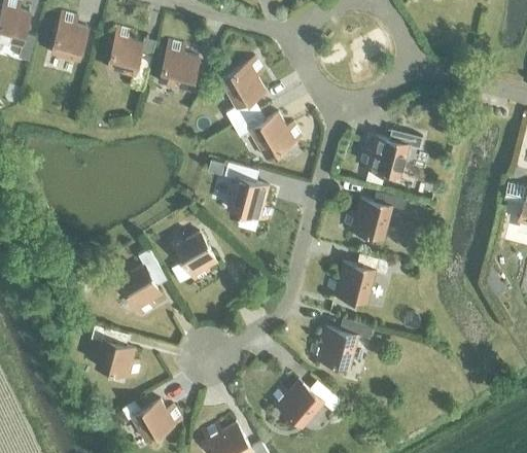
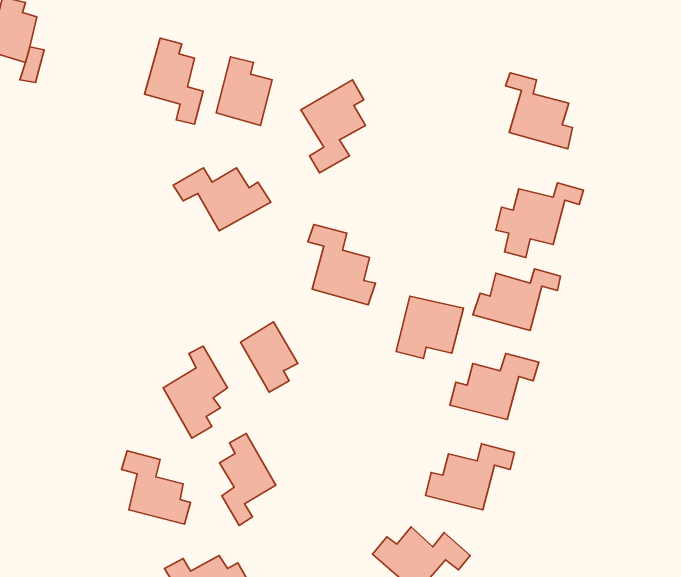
building: [51,13,87,62] -> none
building: none -> [505,73,572,149]
building: [233,113,303,159] -> [173,168,271,231]
building: none -> [396,296,464,358]
building: none -> [220,433,276,526]

